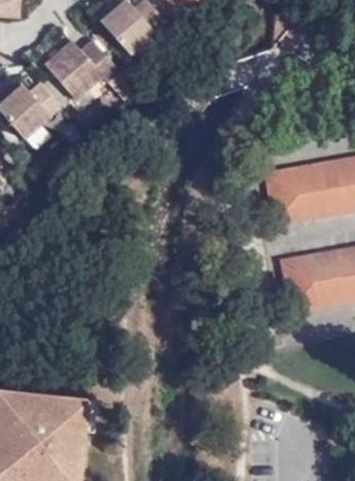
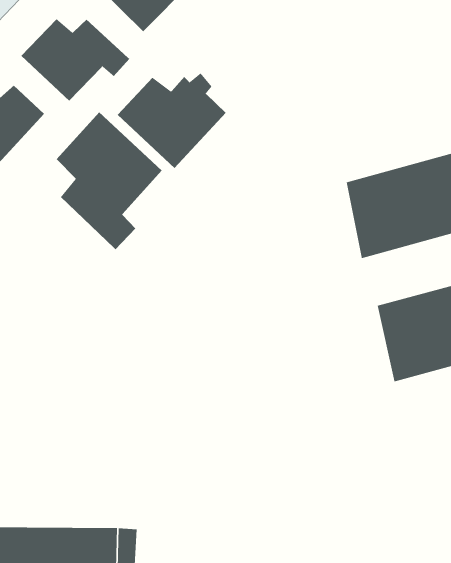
building: none -> [117,72,227,169]
building: none -> [56,111,162,250]

